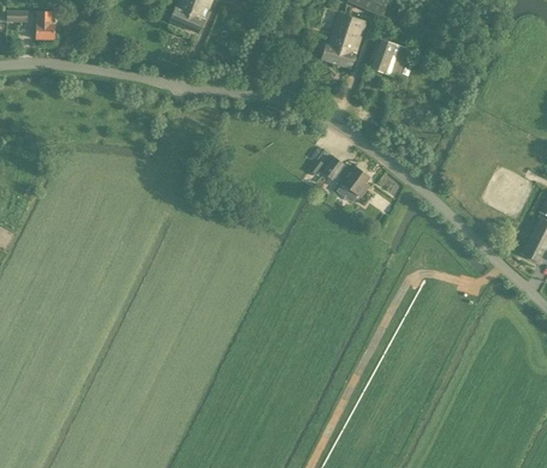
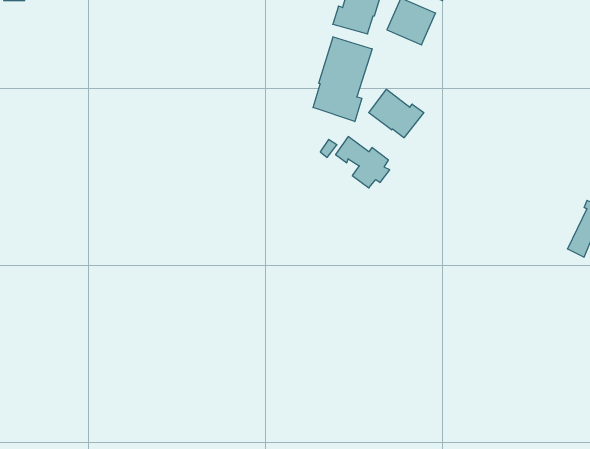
building: none -> [313,37,372,122]
building: none -> [369,89,424,138]

